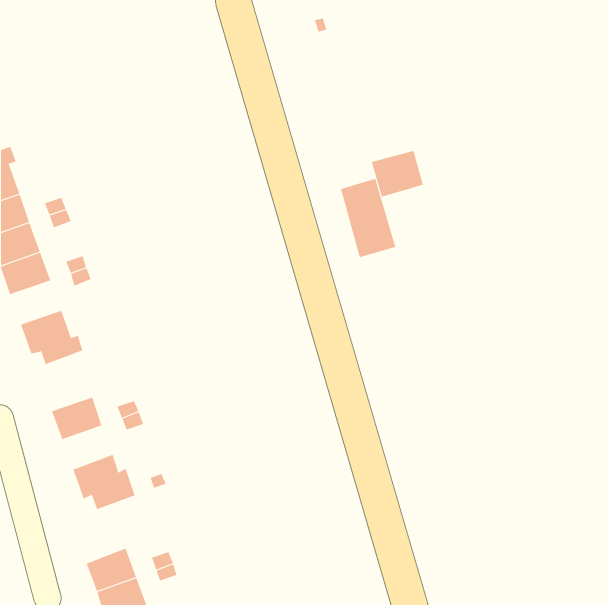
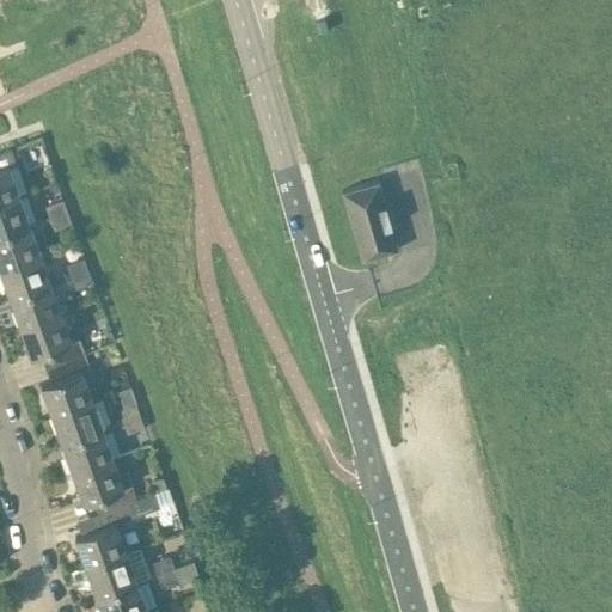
building: [371,150,423,198] -> none
building: none -> [10,284,62,329]
building: none -> [41,355,93,416]
building: none -> [62,430,114,475]
building: none -> [75,501,142,569]

